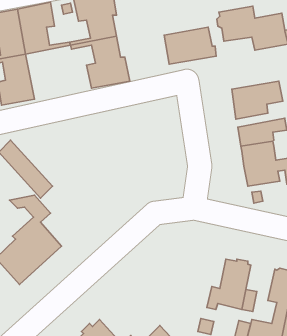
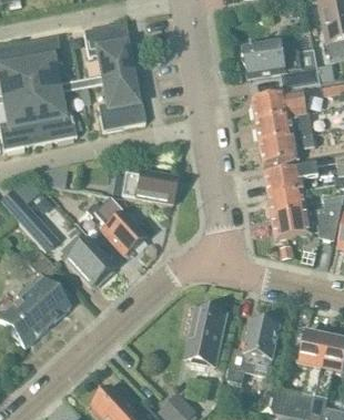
building: [164,27,216,64] -> [253,90,311,131]
building: none -> [30,82,81,142]
building: none -> [121,170,176,204]
building: none -> [93,197,146,256]
building: none -> [64,236,114,287]
building: none -> [185,307,226,367]

